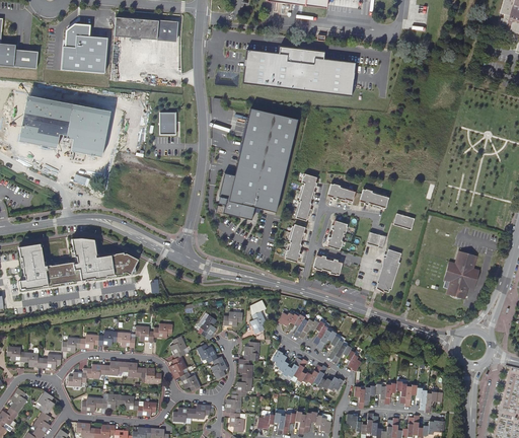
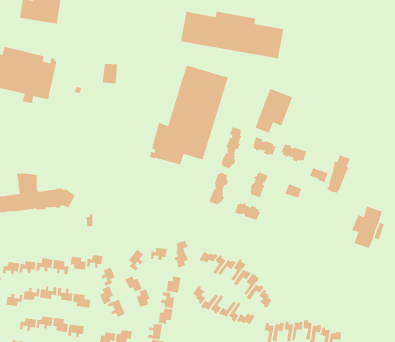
building: none -> [254,88,293,134]
building: [376,248,401,292] -> [326,154,351,194]

